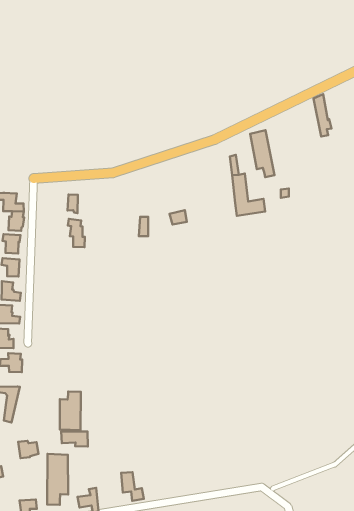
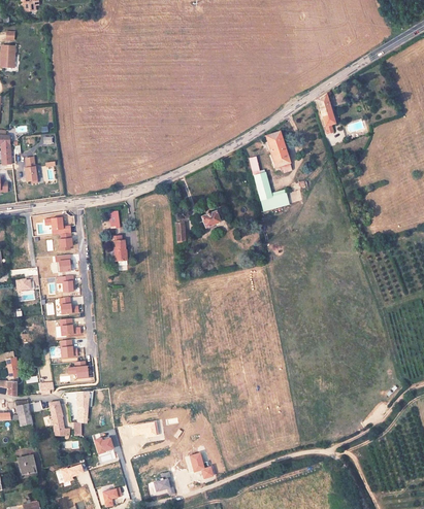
building: [60,391,81,430] -> none
building: [47,454,68,505] -> none

